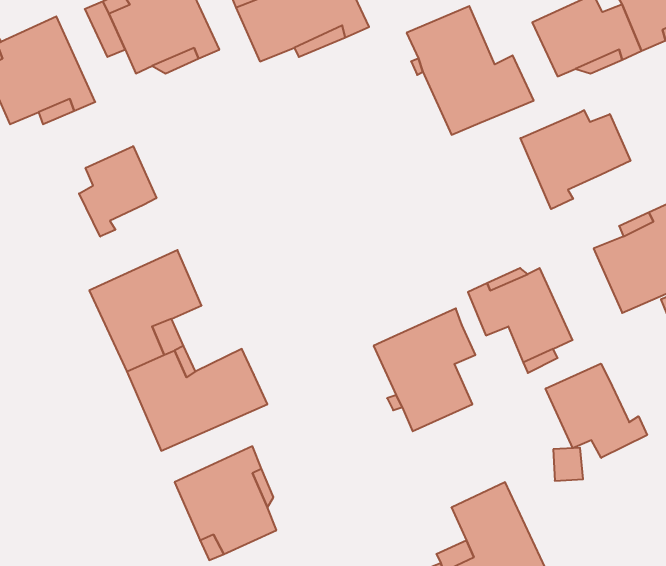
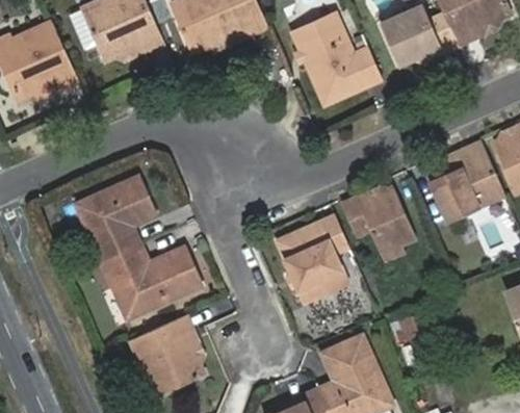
building: [520,110,630,209] -> none
building: [79,146,156,237] -> none
building: [546,364,647,458] -> none

